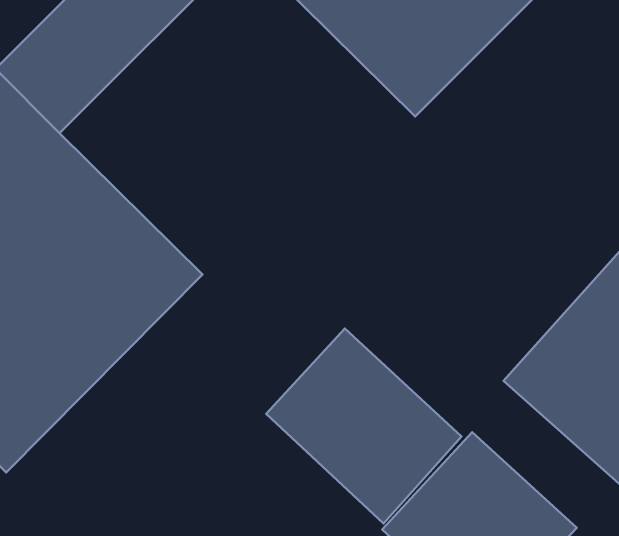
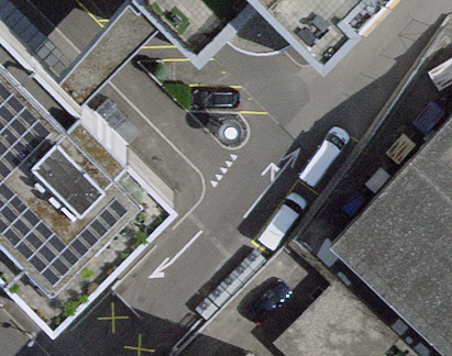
building: [266,329,462,523] -> none

